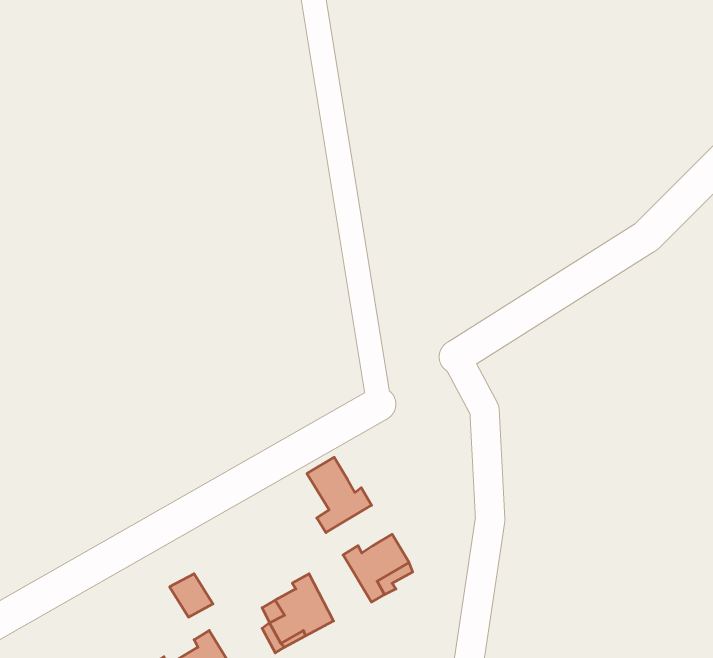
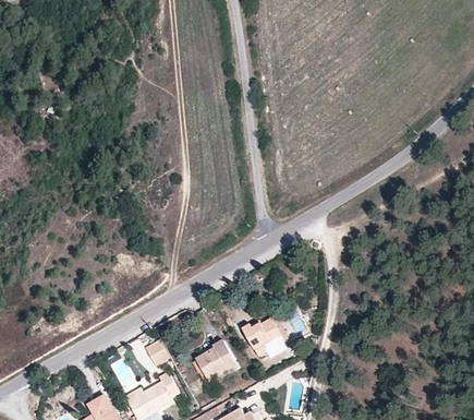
building: [307,457,372,533] -> none

